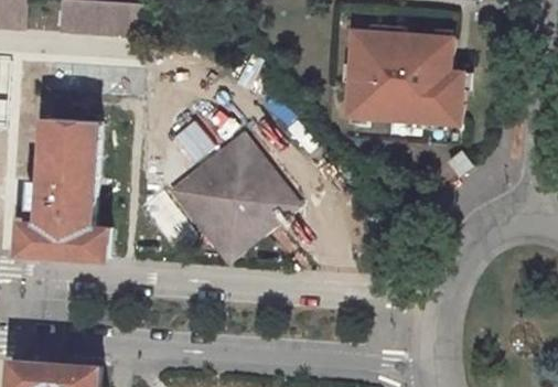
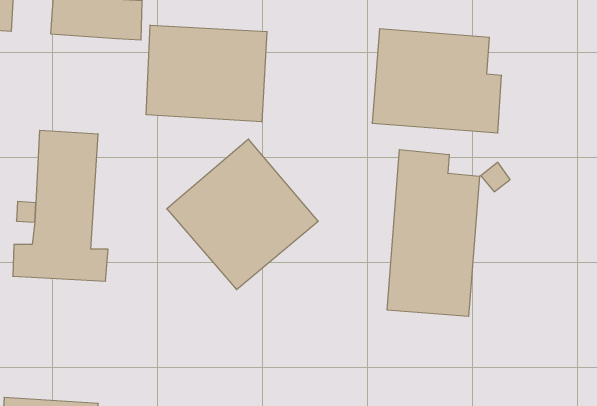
building: none -> [146,25,267,122]
building: none -> [387,150,479,316]

